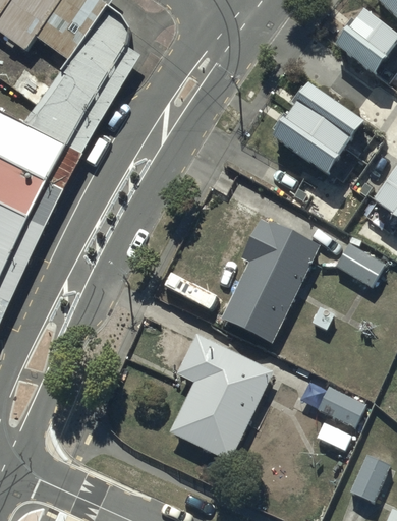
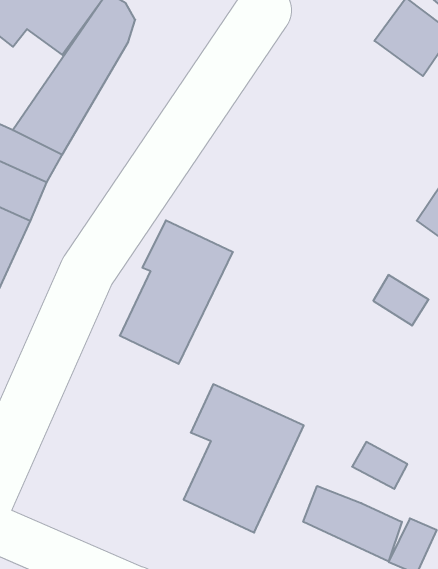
building: [272,81,364,171] -> none
building: [220,226,318,350] -> [120,220,233,364]
building: none -> [303,486,402,562]

